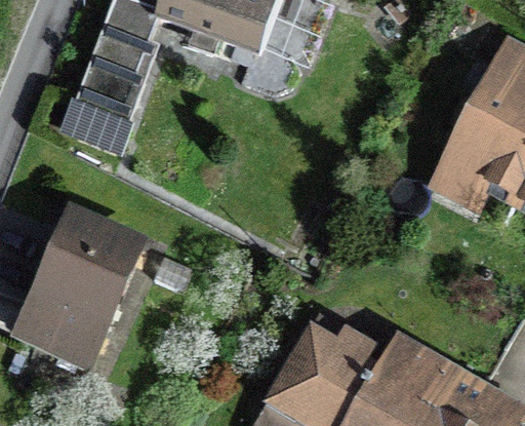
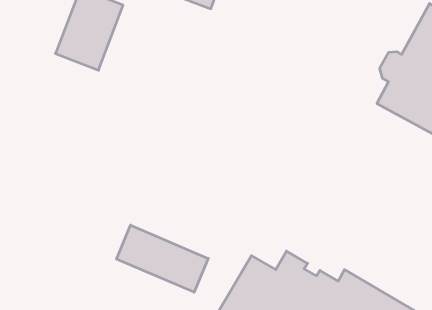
building: [24,215,140,367] -> none
building: none -> [117,225,208,292]

